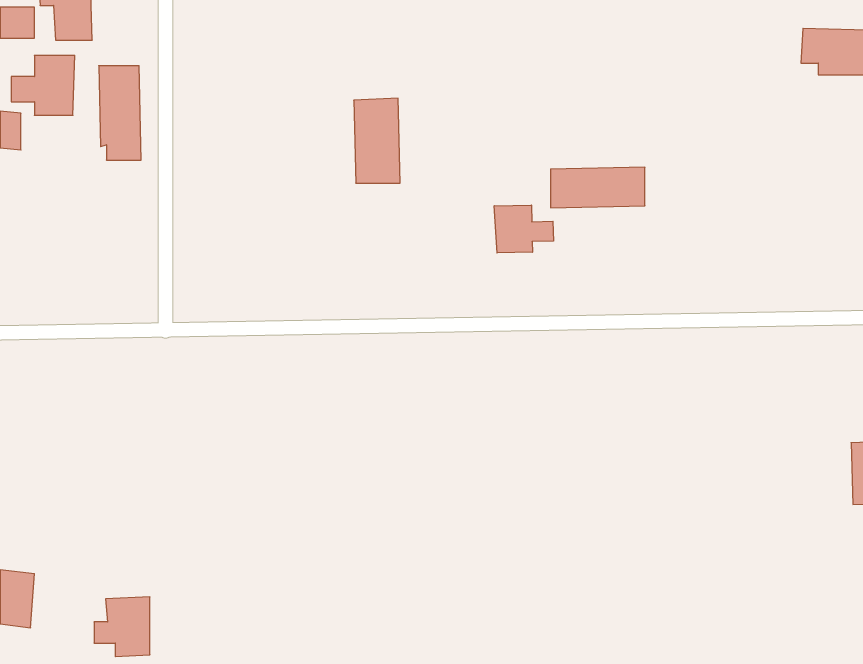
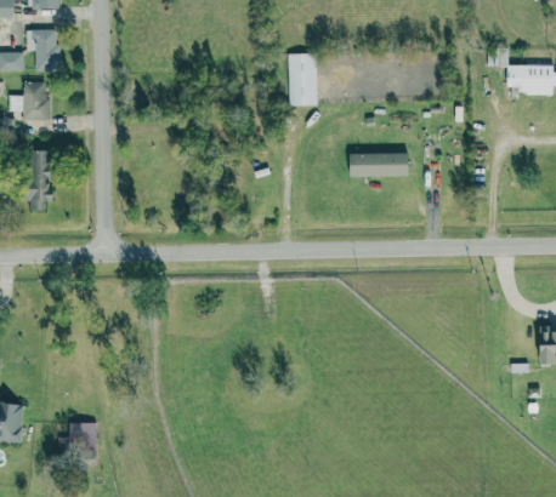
building: [99,66,141,160] -> [24,150,51,210]
building: [354,98,400,183] -> [288,52,317,105]
building: [494,205,553,253] -> none

